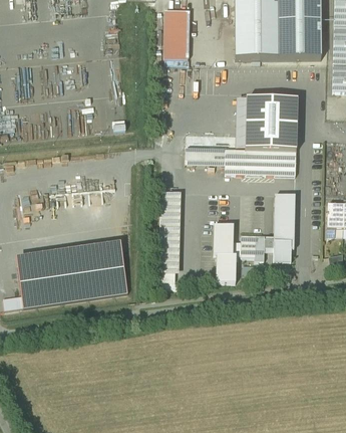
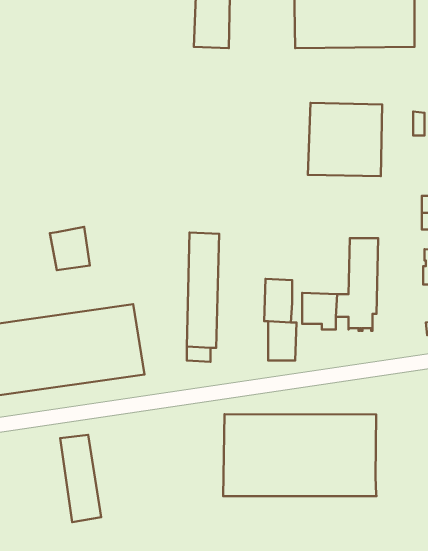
building: [184,146,296,173] -> none
building: none -> [50,227,90,270]
building: none -> [223,414,376,496]
building: none -> [60,435,101,522]

